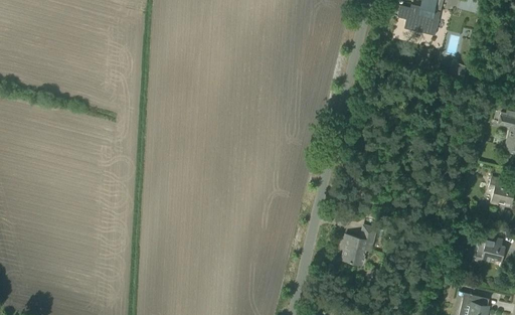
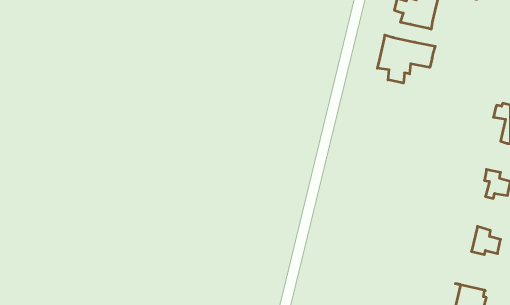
building: none -> [377,35,435,83]
building: [341,226,375,265] -> none

